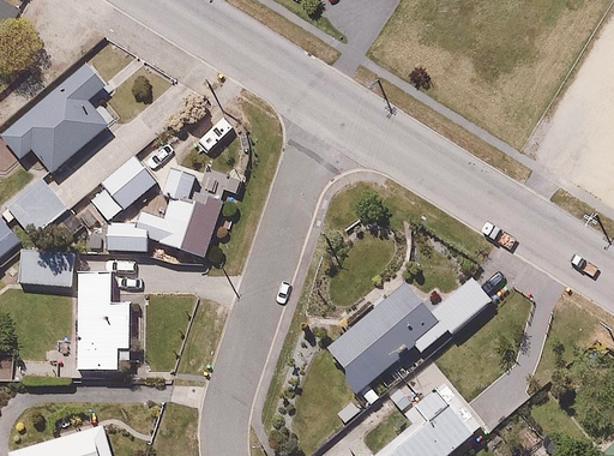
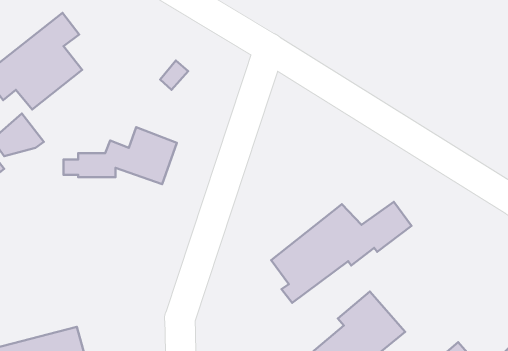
building: [88,160,151,221] -> none
building: [73,266,130,373] -> none

